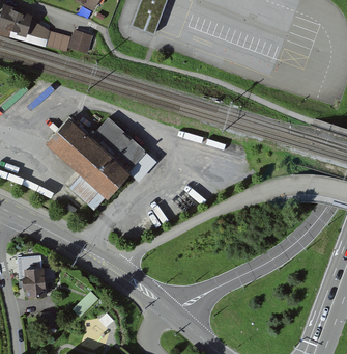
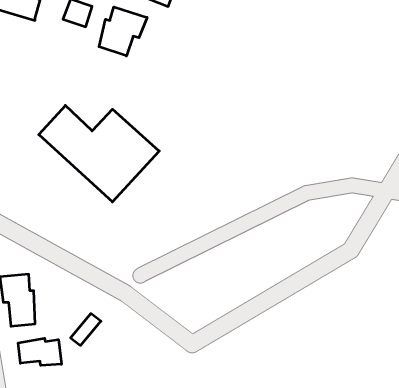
building: none -> [99,7,147,56]
building: none -> [18,338,61,365]

